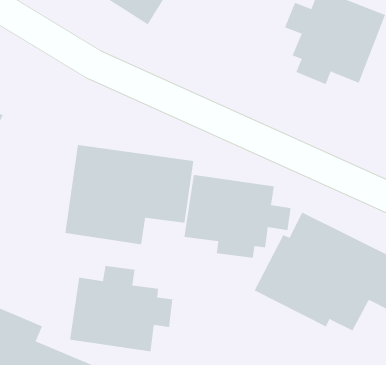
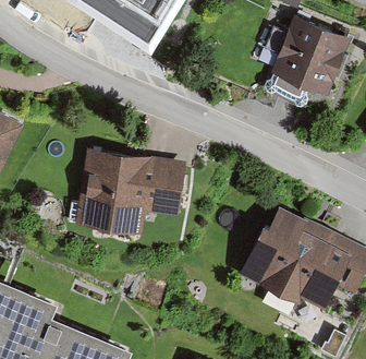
building: [184,174,291,259] -> none
building: [70,265,173,352] -> none

